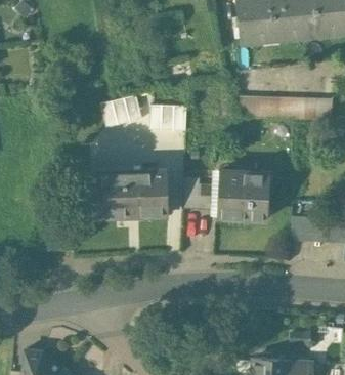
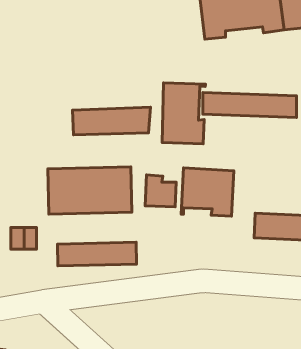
building: none -> [162,83,205,144]
building: none -> [57,242,137,266]

